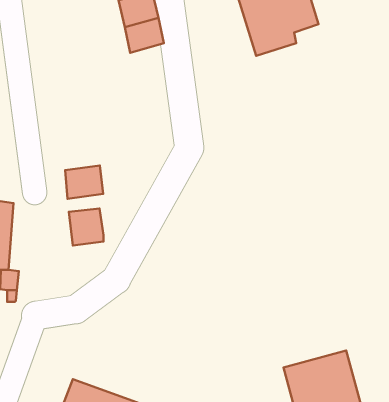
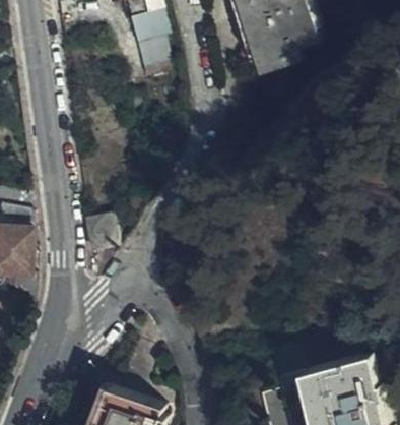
building: [65,166,103,199] -> none

